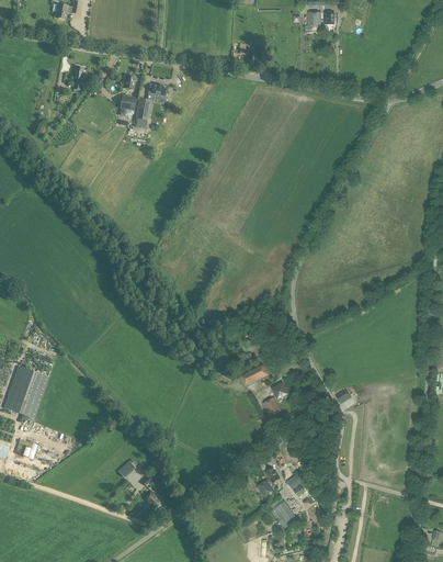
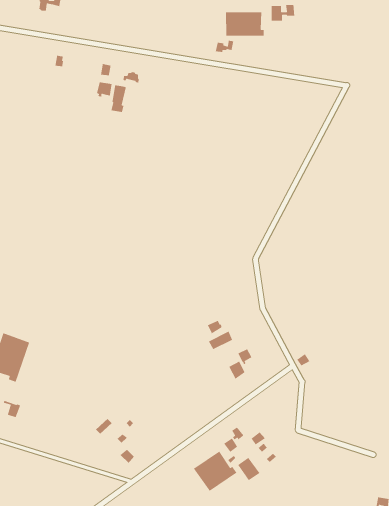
building: none -> [225,12,265,37]
building: none -> [193,450,238,492]

